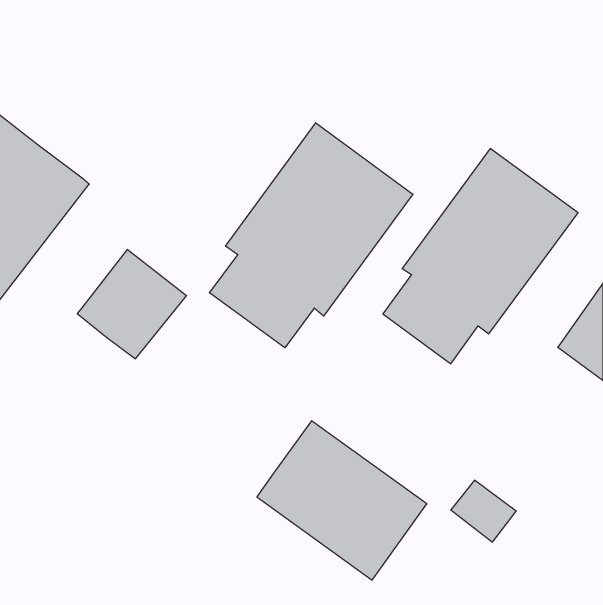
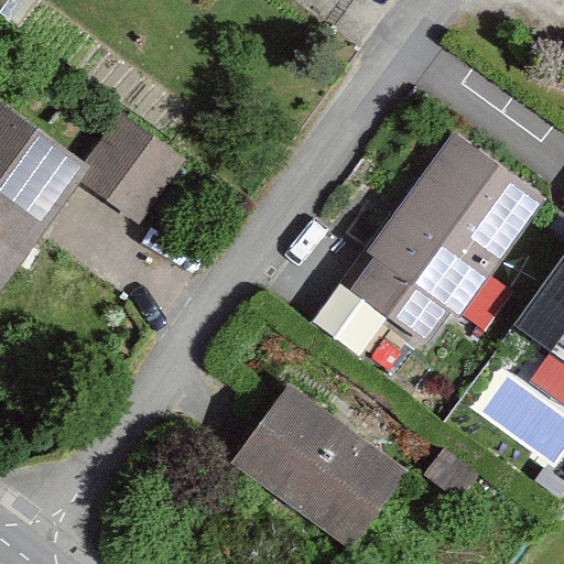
building: [209,123,413,348] -> none
building: [77,249,187,359] -> [78,117,180,218]

